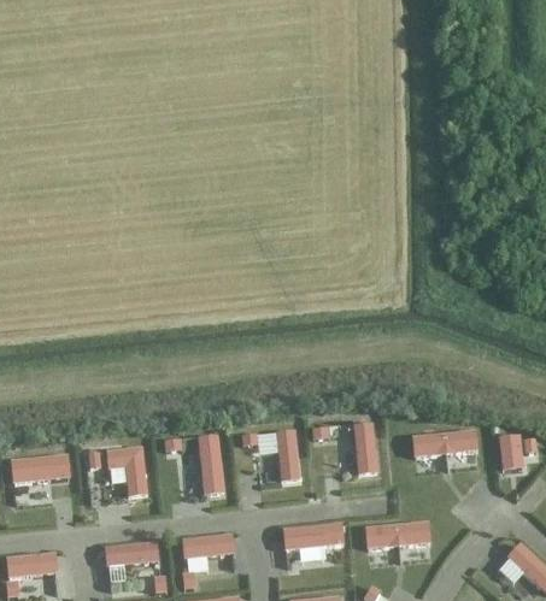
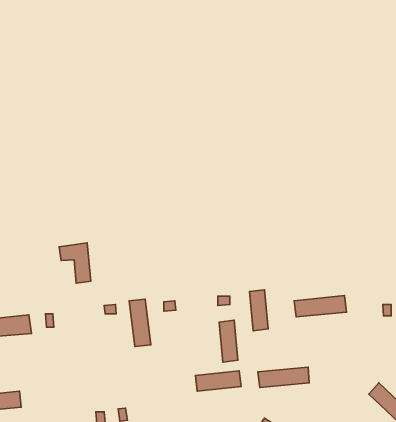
building: [276,430,300,484] -> [219,320,238,362]
building: [499,432,523,469] -> none
building: [106,444,147,496] -> [59,243,91,283]
building: [182,535,234,559] -> none
building: [105,543,158,568] -> none

